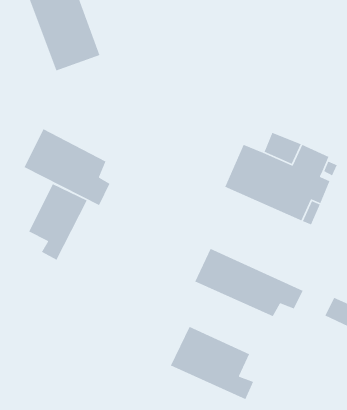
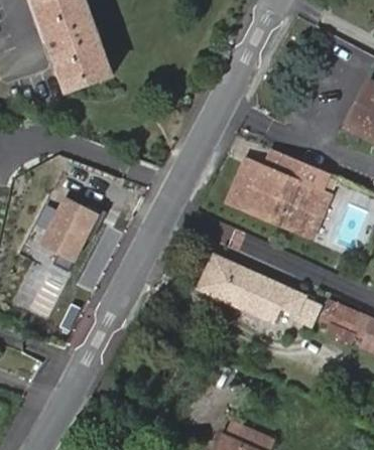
building: [23,128,110,206] -> none
building: [170,326,254,400] -> none

